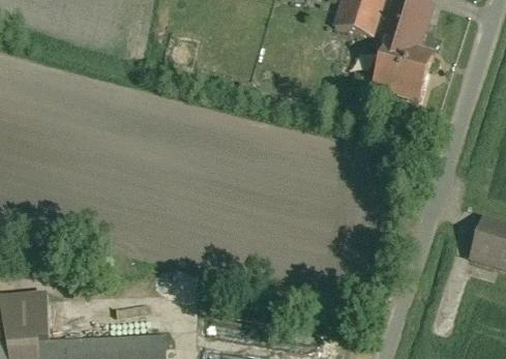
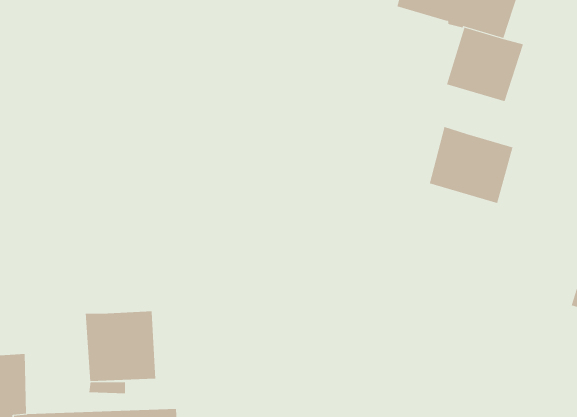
building: none -> [429,126,514,204]
building: none -> [85,311,156,382]

